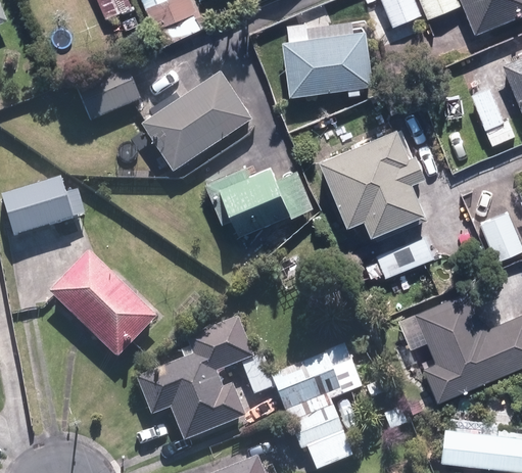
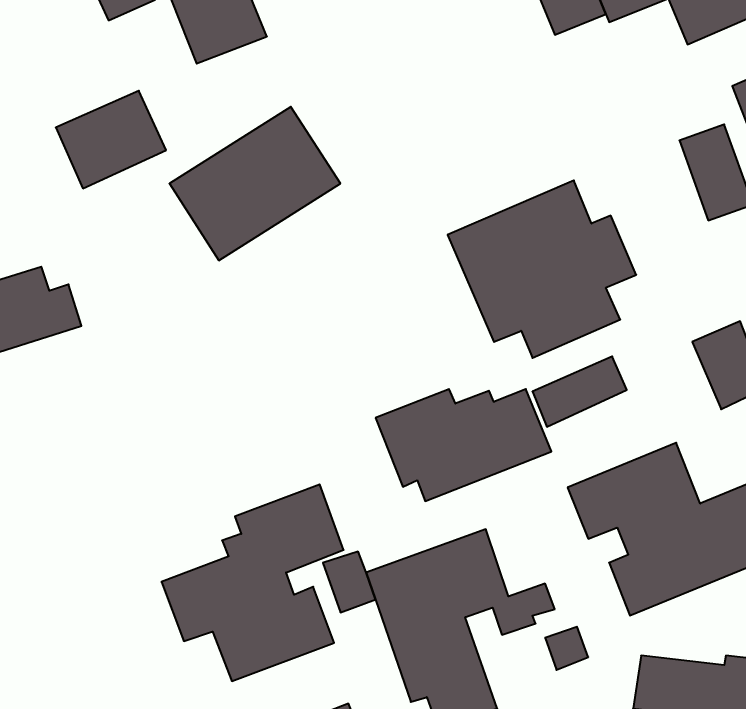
building: [280,17,376,96] -> none
building: [202,165,315,237] -> [376,389,551,501]
building: [51,252,159,360] -> none

